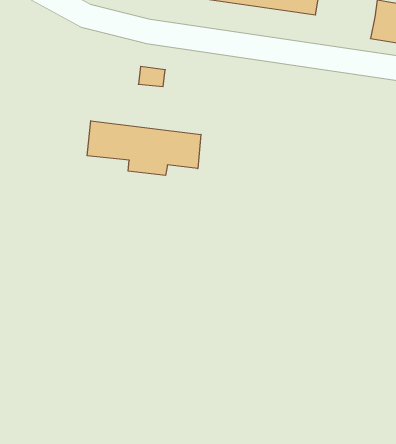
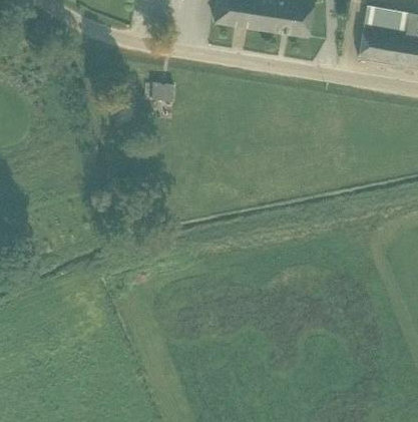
building: [87,121,201,175] -> none

